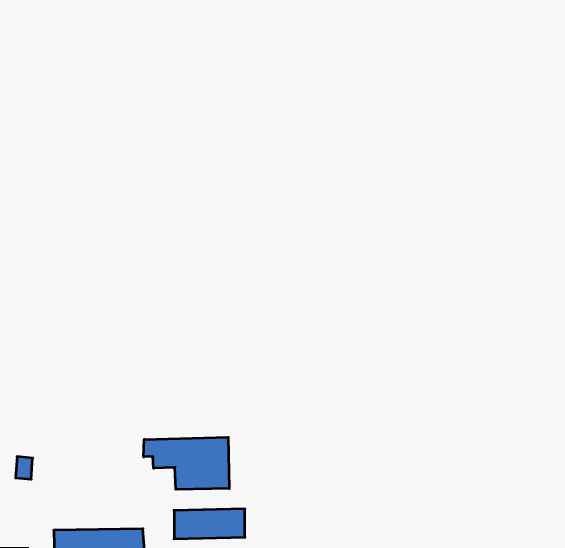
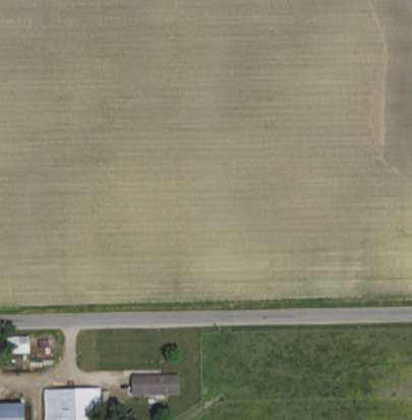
building: [144,437,229,489] -> none

